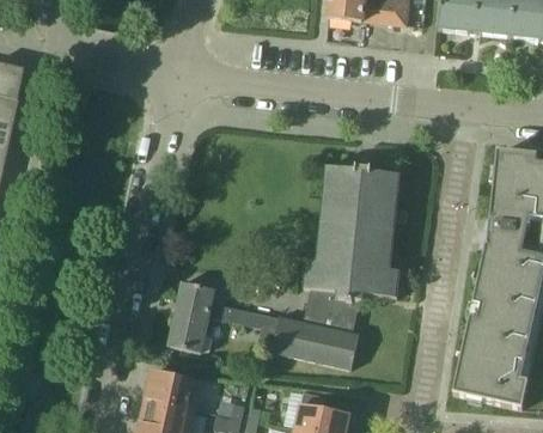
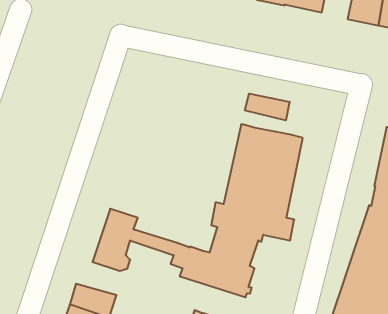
building: none -> [245,94,290,120]

